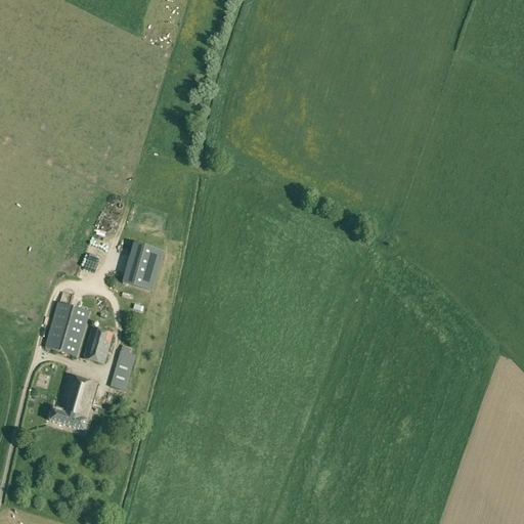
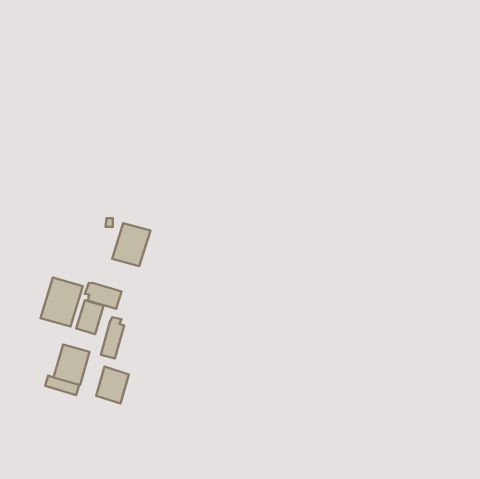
building: none -> [85,283,121,309]
building: none -> [96,367,129,404]

